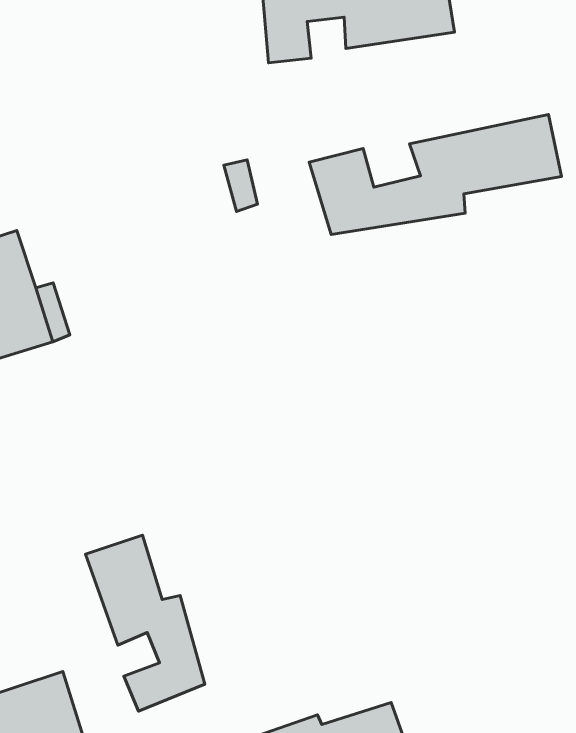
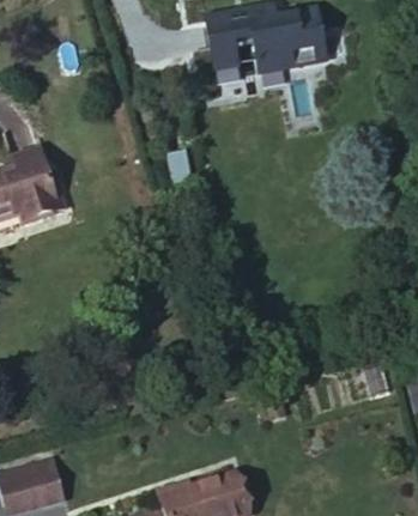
building: [309,115,562,235] -> none
building: [86,535,205,711] -> none

